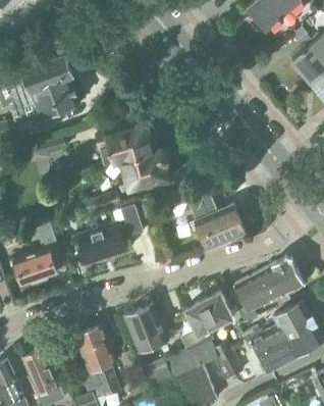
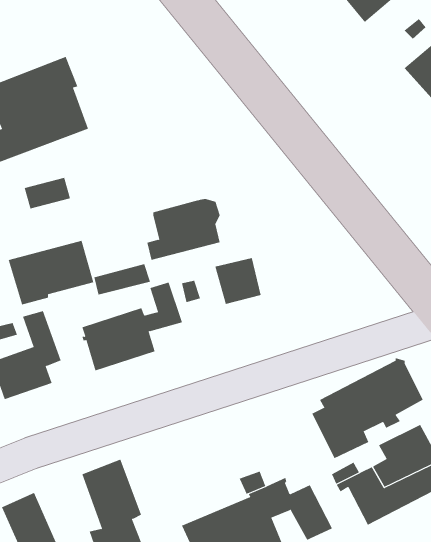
building: [96,121,154,165] -> [8,240,94,305]
building: [197,204,248,250] -> none
building: [186,292,233,341] -> none
building: [125,305,167,352] -> none

